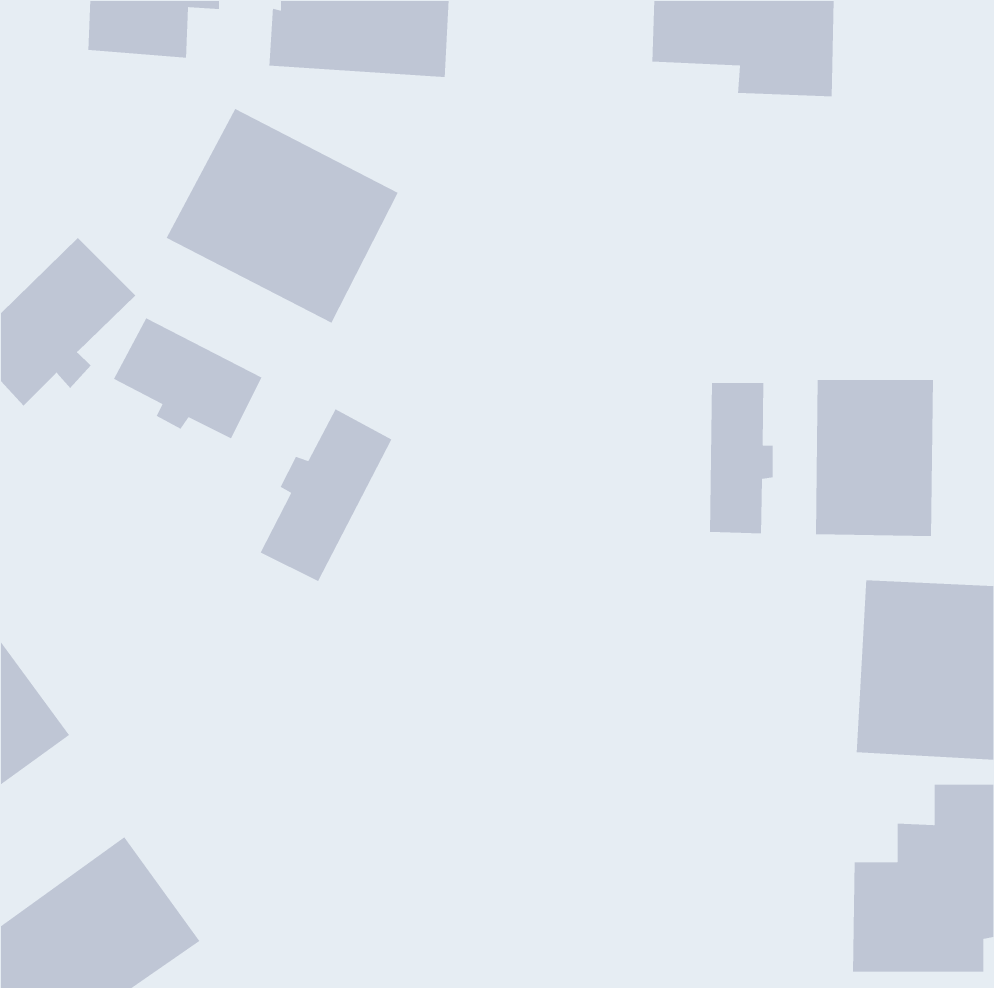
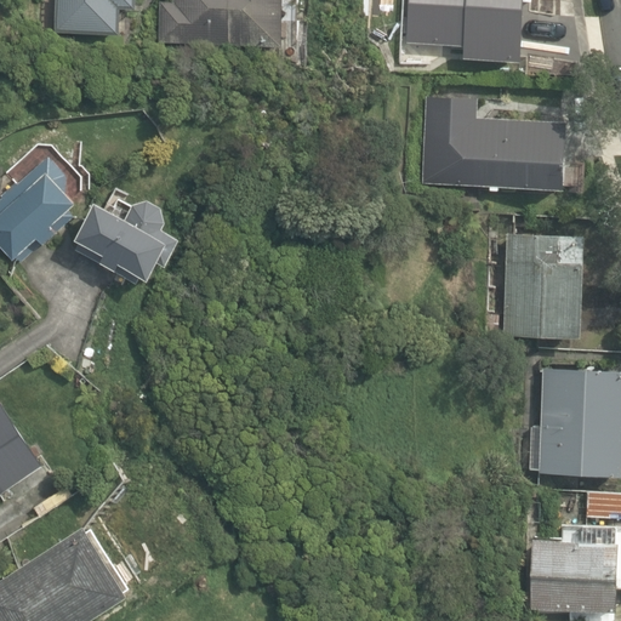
building: [166,108,399,324] -> none
building: none -> [432,101,559,186]
building: [709,382,773,534] -> none
building: [260,408,392,582] -> none

